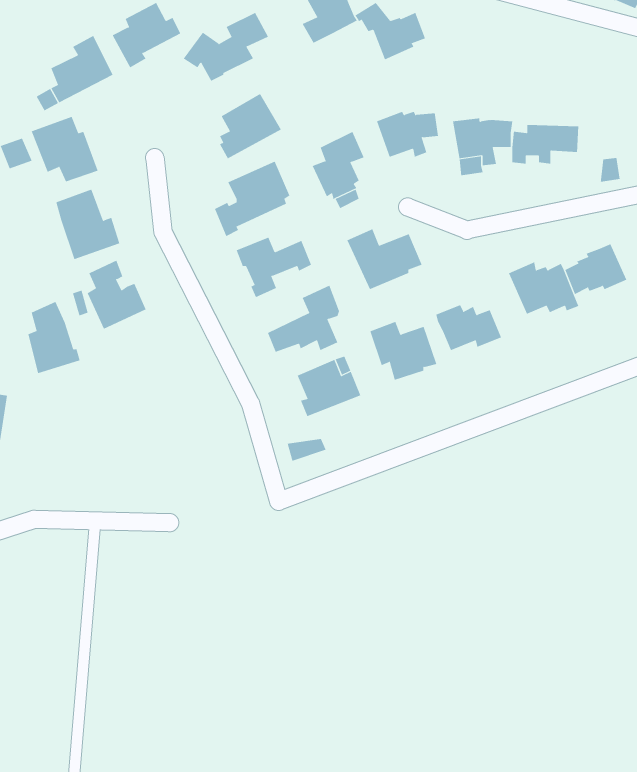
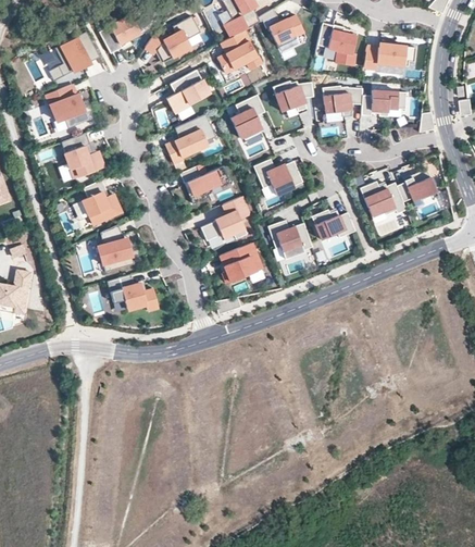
building: none -> [316,25,357,67]
building: none -> [216,32,261,73]
building: none -> [363,45,415,71]
building: [28,301,80,374] -> [98,225,133,273]
building: none -> [107,275,159,310]

